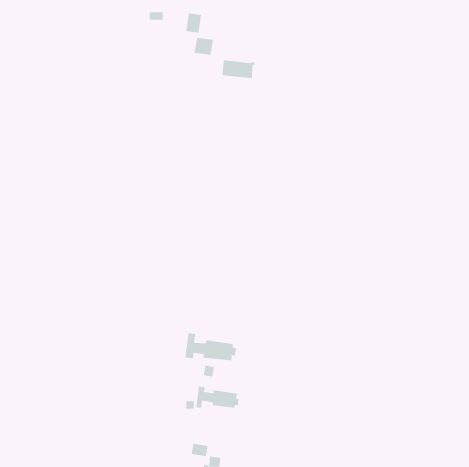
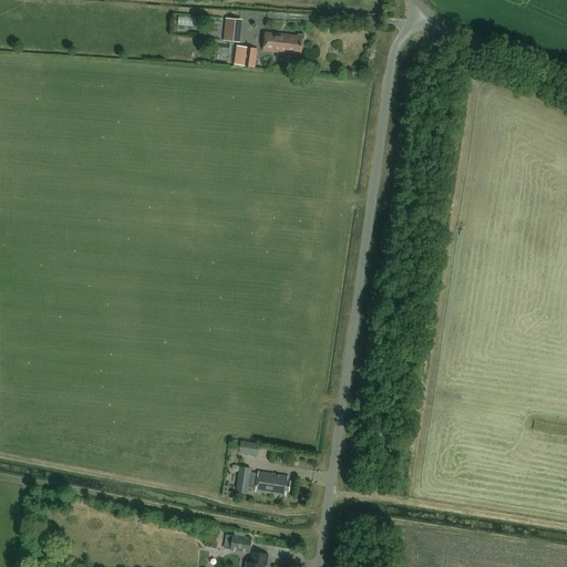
building: [221,60,255,78] -> [262,31,303,53]
building: [185,332,236,361] -> none

